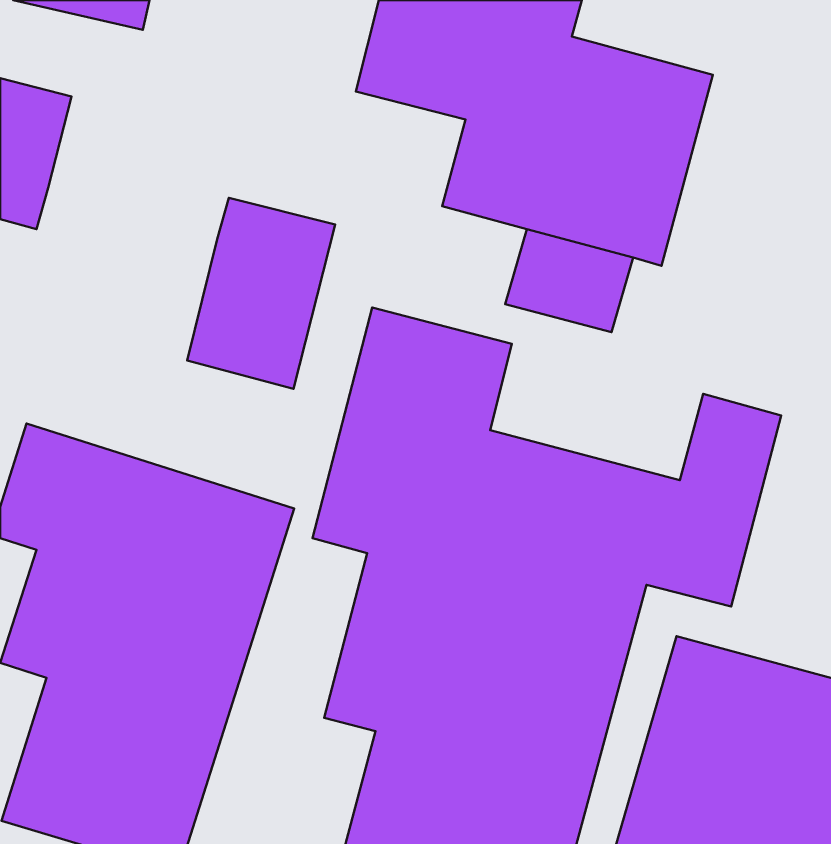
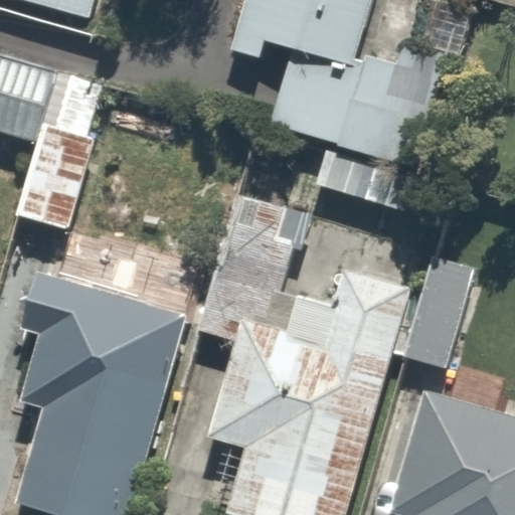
building: [187,198,335,389] -> [15,117,105,232]

